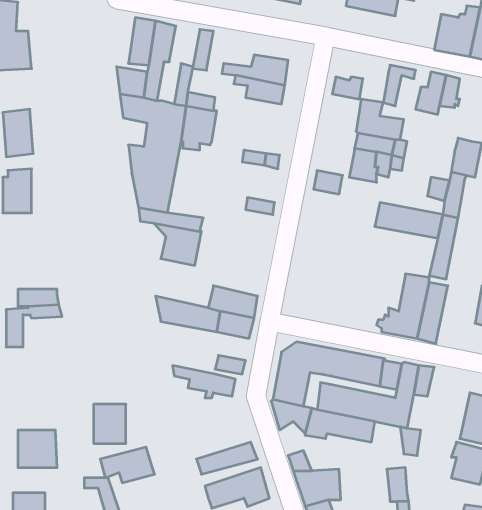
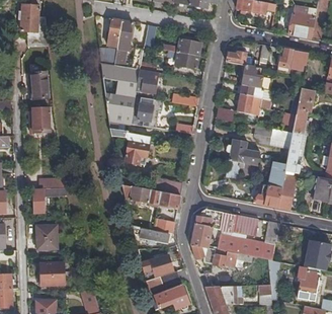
building: none -> [131,95,164,127]
building: none -> [225,138,259,178]
building: [94,404,126,443] -> [35,225,55,248]
building: [100,447,155,483] -> [141,253,173,274]

